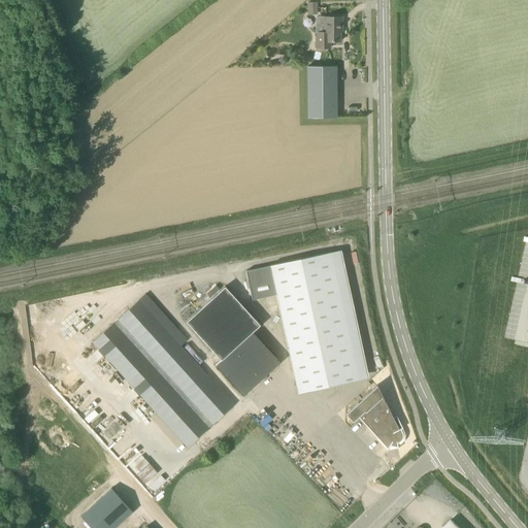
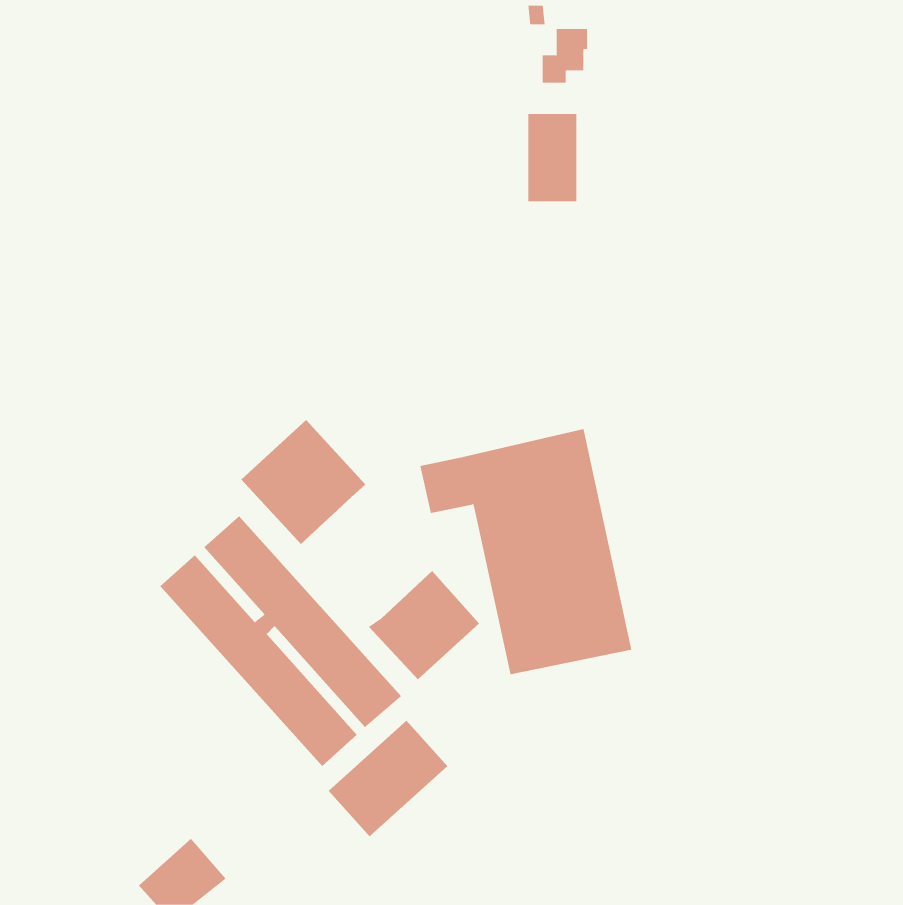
building: [188,287,261,360] -> [241,419,366,545]
building: [346,385,404,452] -> none
building: none -> [328,720,448,837]

